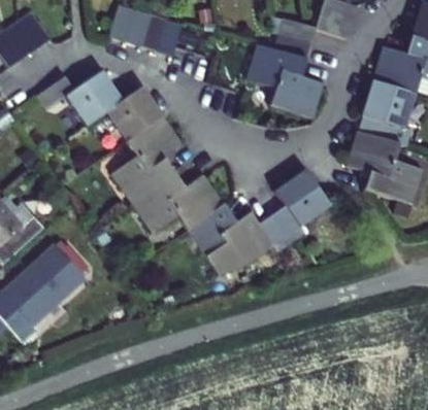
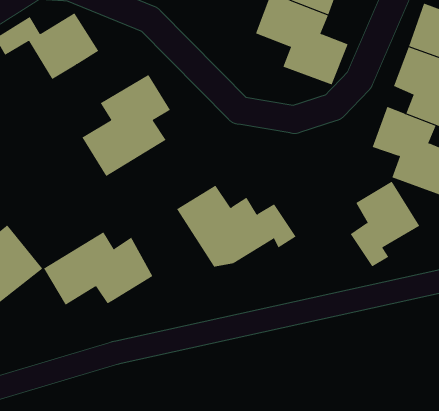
building: [104,86,163,142] -> none
building: [133,169,223,231] -> [43,231,153,305]
building: [271,170,328,241] -> [350,181,420,267]

